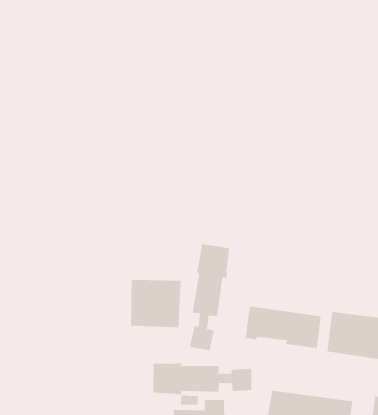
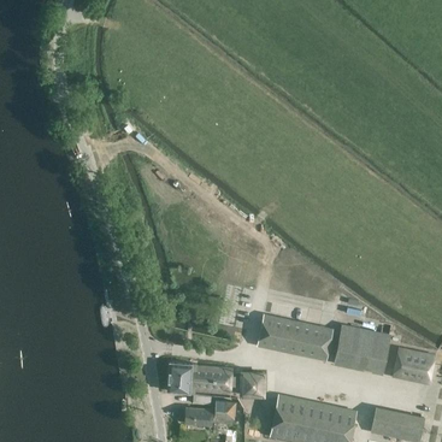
building: [189,243,231,351] -> none
building: [131,279,181,328] -> none

